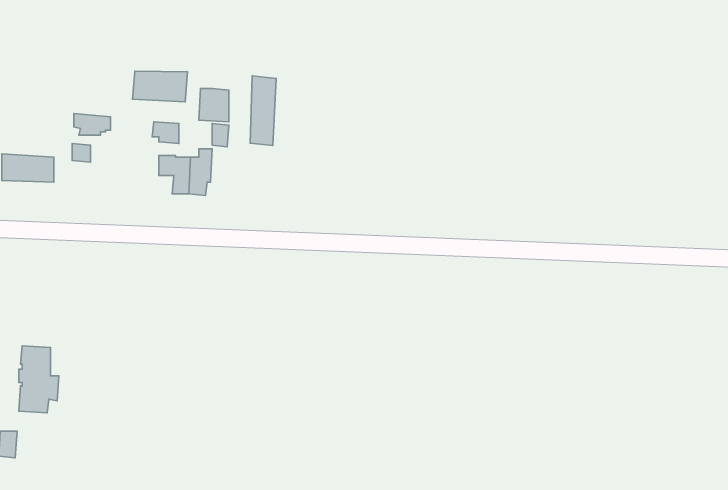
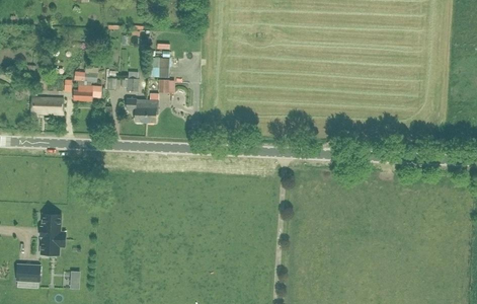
building: [133,71,188,102] -> none
building: [250,76,276,146] -> none

